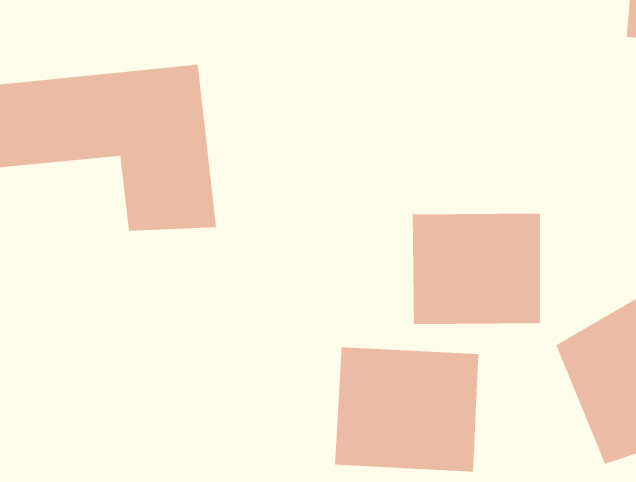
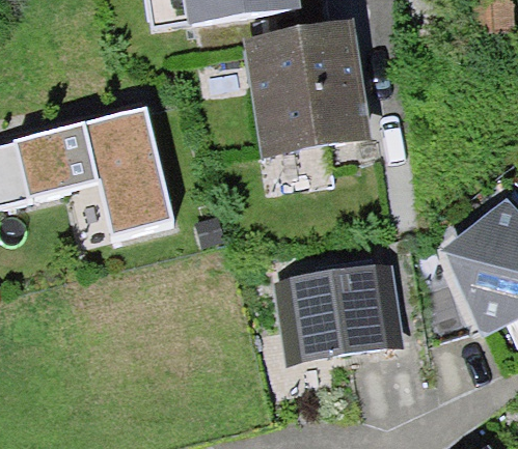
building: none -> [244,26,369,158]
building: [412,213,541,325] -> none

